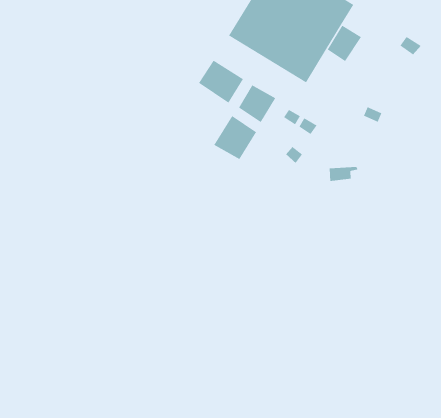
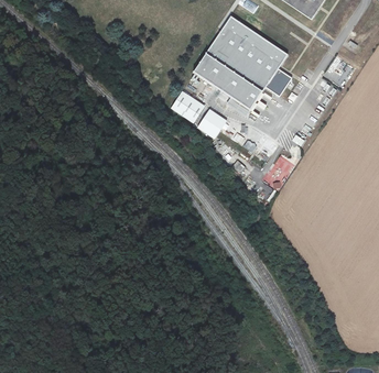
building: [214,115,257,160] -> none

